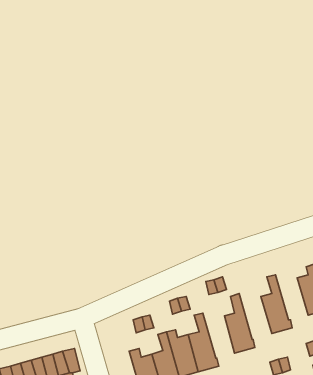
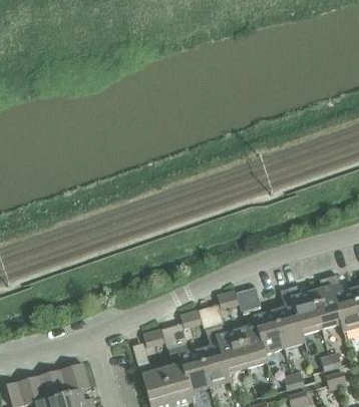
building: none -> [288,286,321,334]
building: none -> [251,305,284,354]
building: none -> [214,324,246,373]

